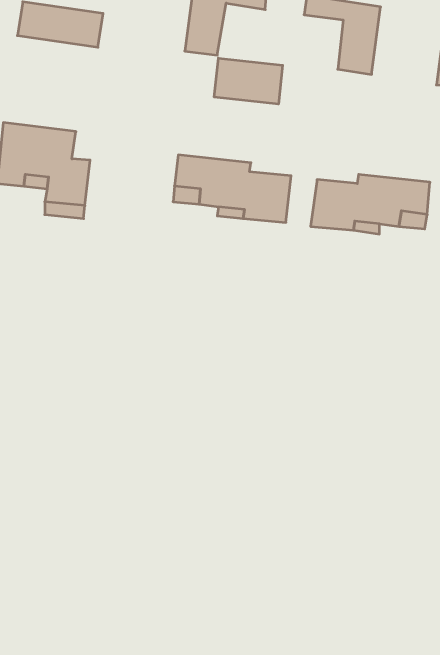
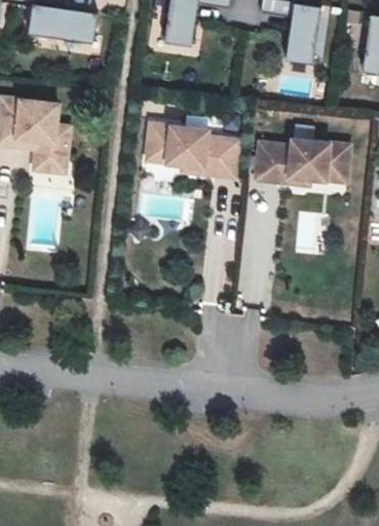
building: [214,58,283,104] -> none

